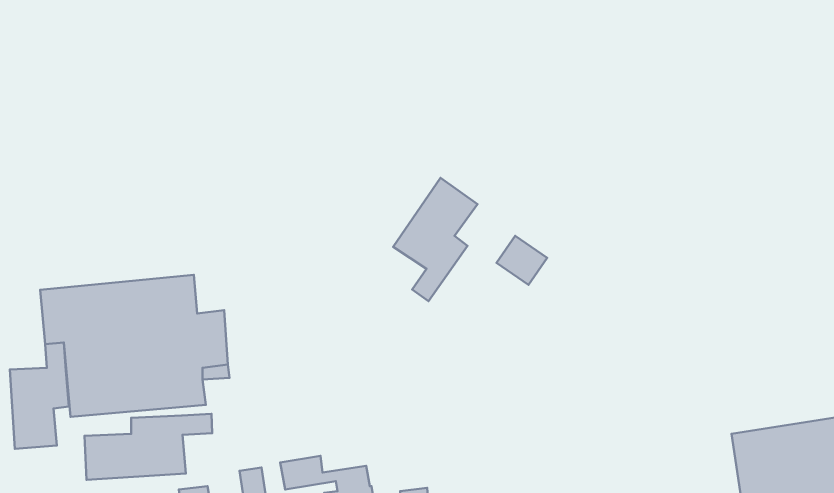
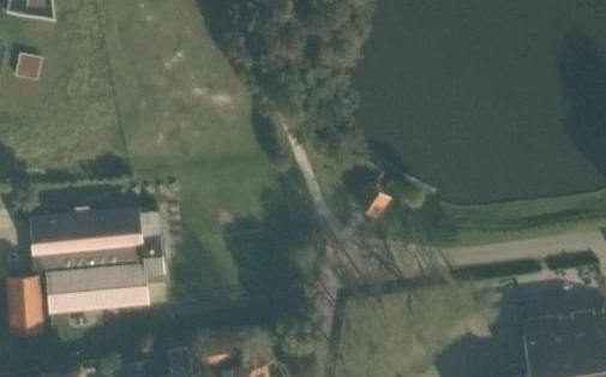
building: [393,178,478,301] -> none
building: [85,414,212,480] -> none

